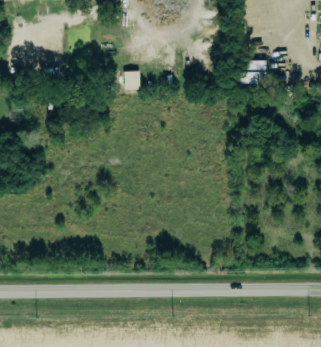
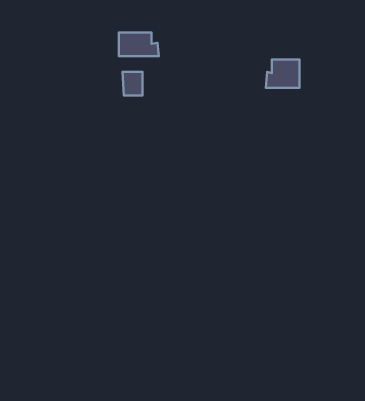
building: none -> [119,33,159,56]

